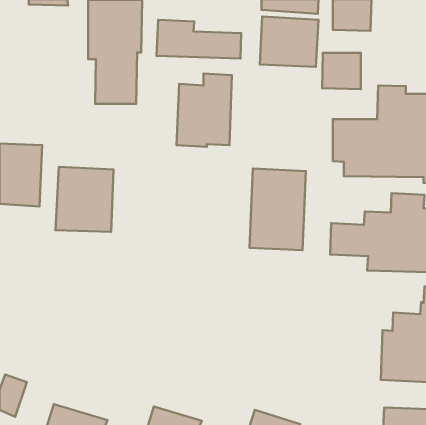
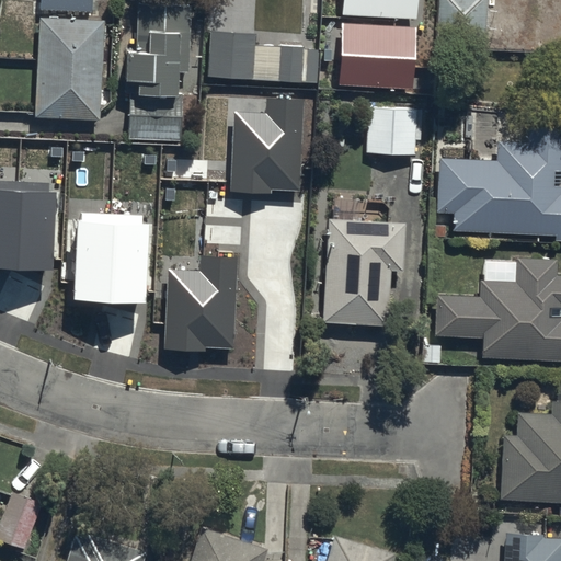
building: none -> [36,22,110,121]
building: [322,53,361,89] -> [364,106,414,153]
building: none -> [165,257,239,352]

